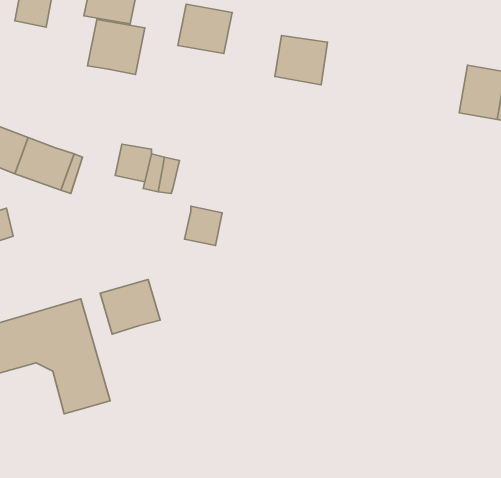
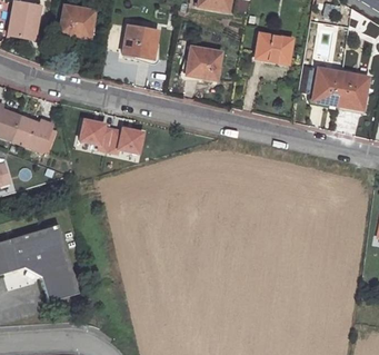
building: none -> [256,32,292,62]
building: [88,19,145,74] -> none
building: [184,206,222,246] -> [118,128,143,155]
building: [100,279,160,334] -> none

